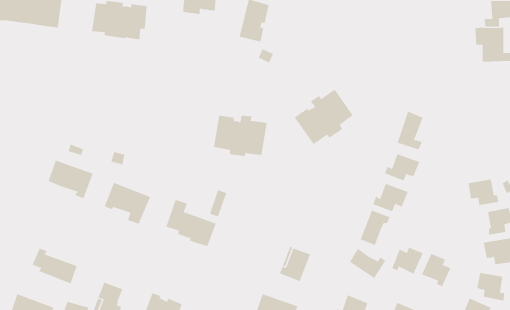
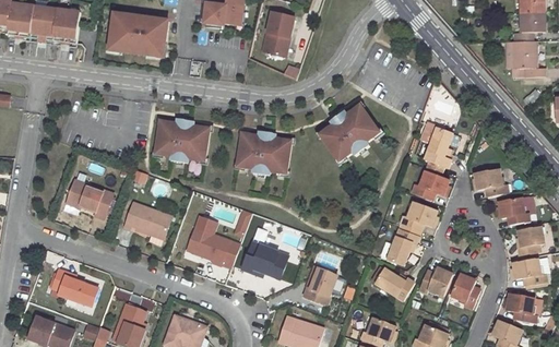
building: none -> [154,119,210,163]
building: none -> [474,169,507,196]
building: none -> [241,227,287,277]

